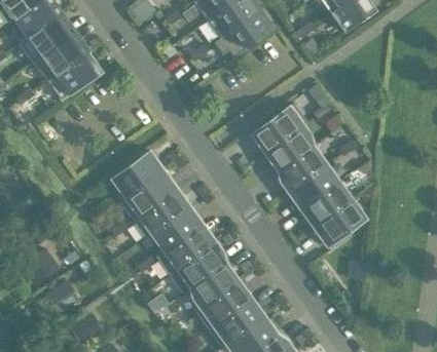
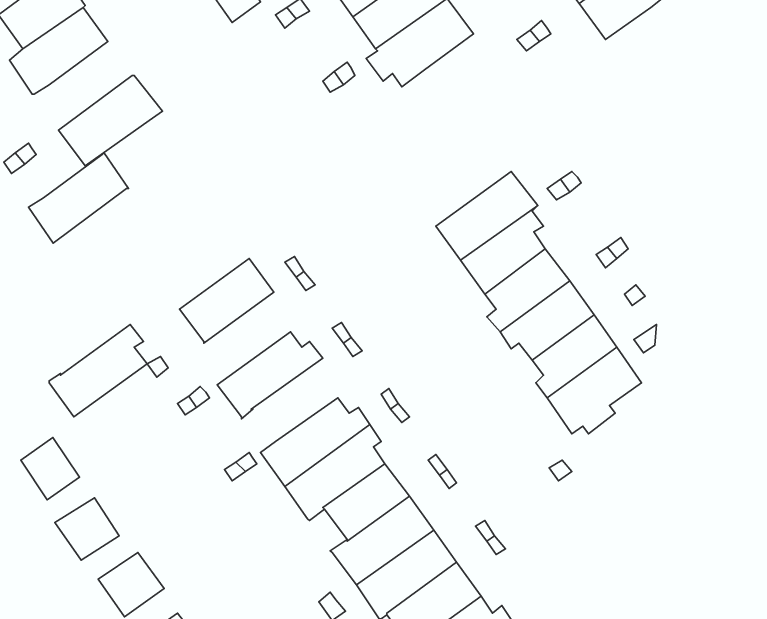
building: [34,31,88,80] -> [29,153,128,243]
building: [120,168,174,219] -> [49,324,147,417]
building: [152,204,199,249] -> none

